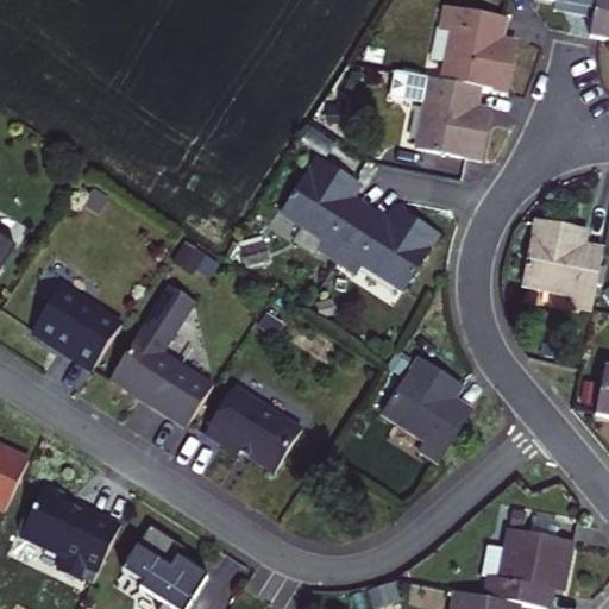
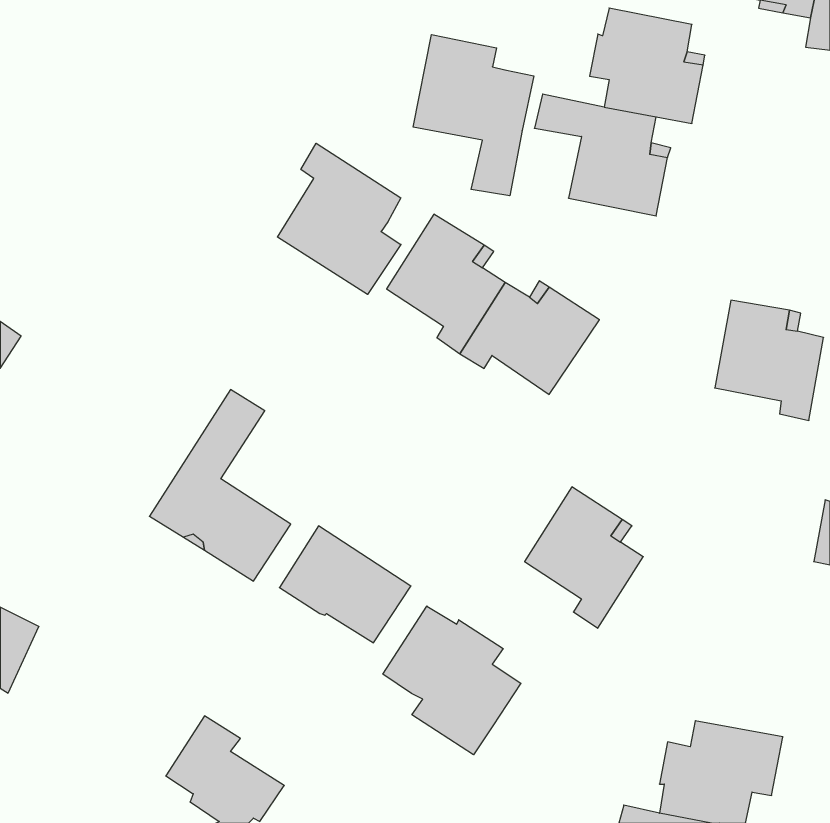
building: none -> [413,35,534,196]
building: none -> [277,143,401,294]
building: [32,284,121,366] -> none
building: none -> [383,606,521,755]
building: [19,482,120,580] -> none

